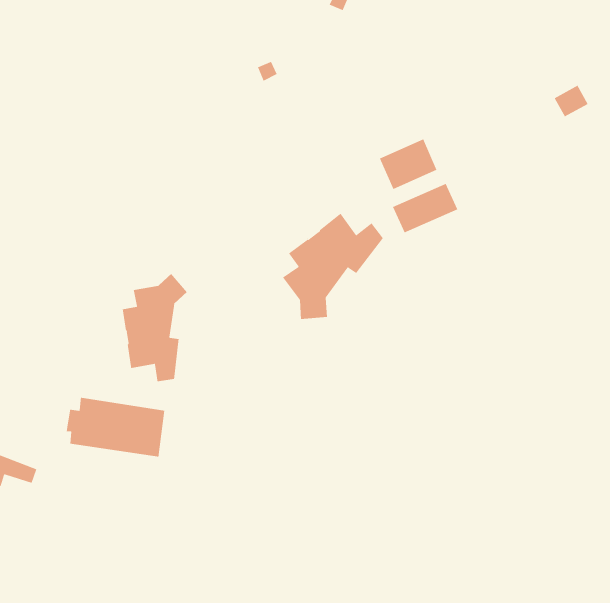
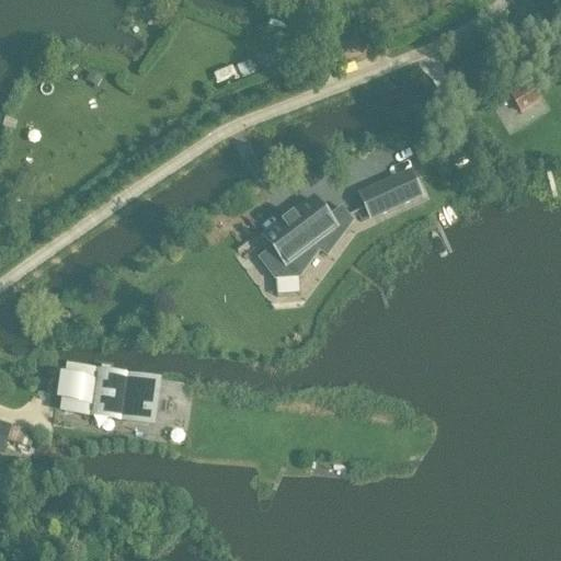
building: [379,138,437,190] -> none
building: [122,273,187,382] -> none

